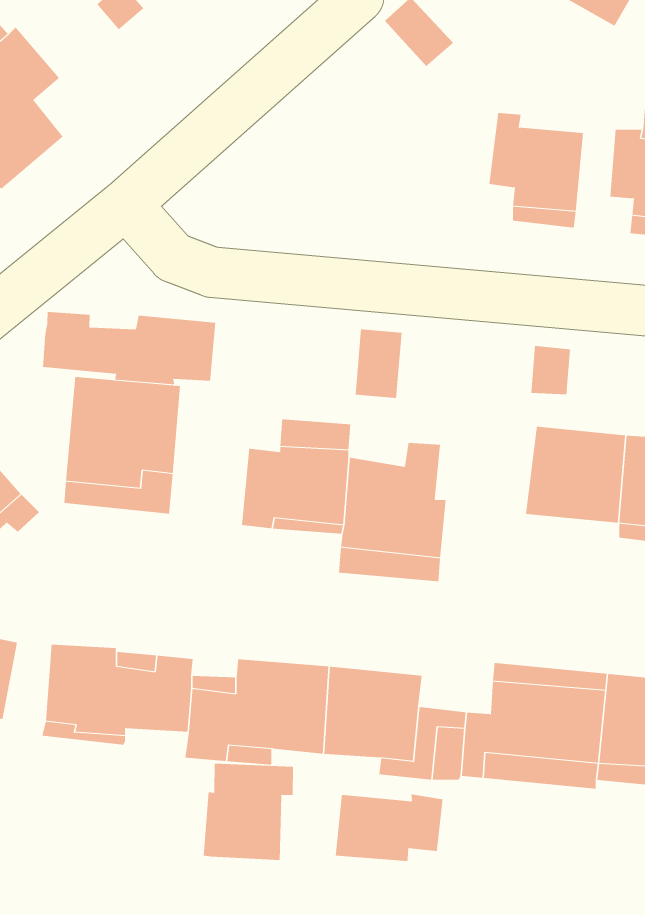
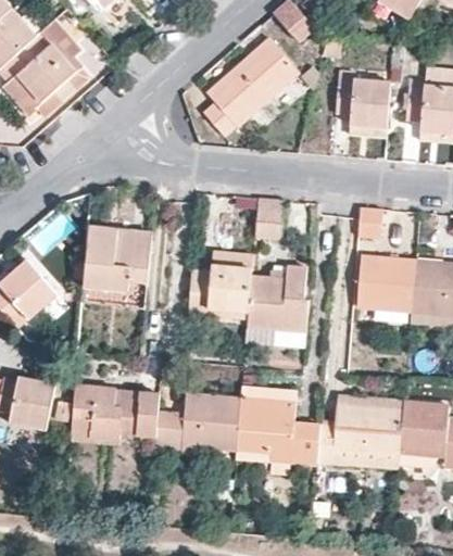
building: none -> [203,36,300,135]
building: [43,311,216,385] -> none
building: [203,763,293,861] -> none
building: [335,794,443,862] -> none

